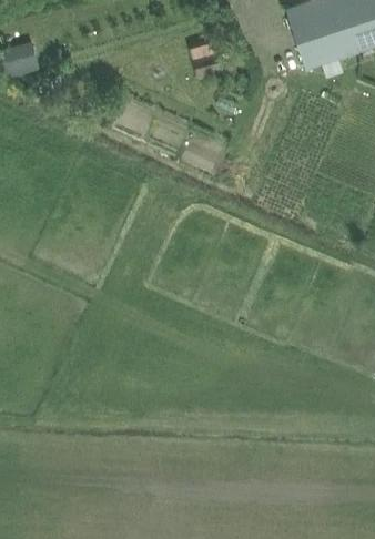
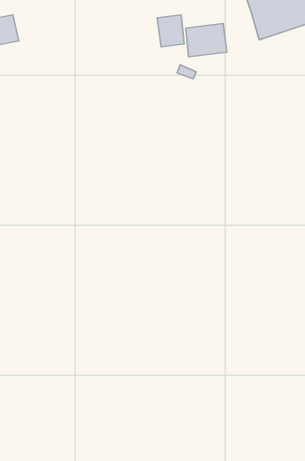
building: none -> [186,24,227,57]

